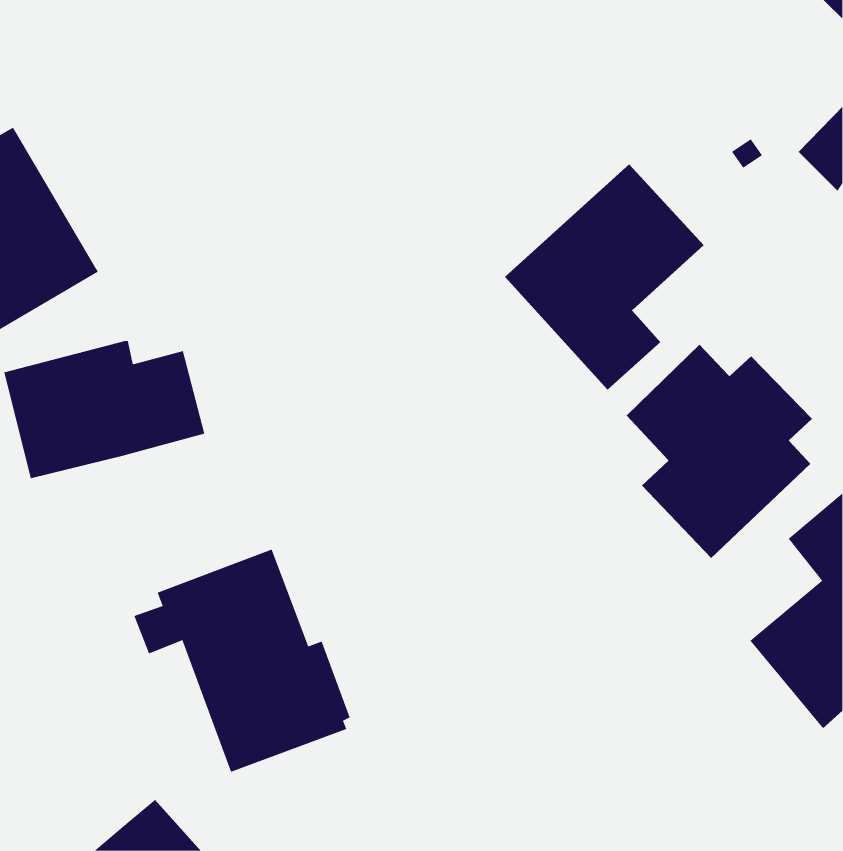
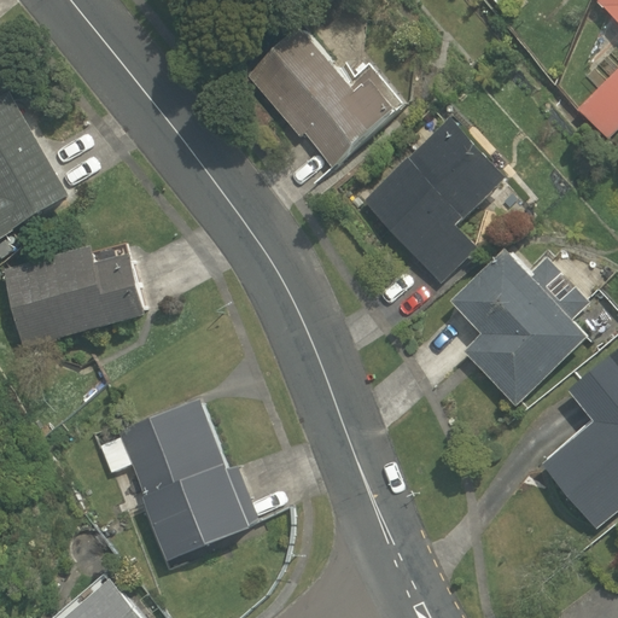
building: none -> [246,27,402,167]

